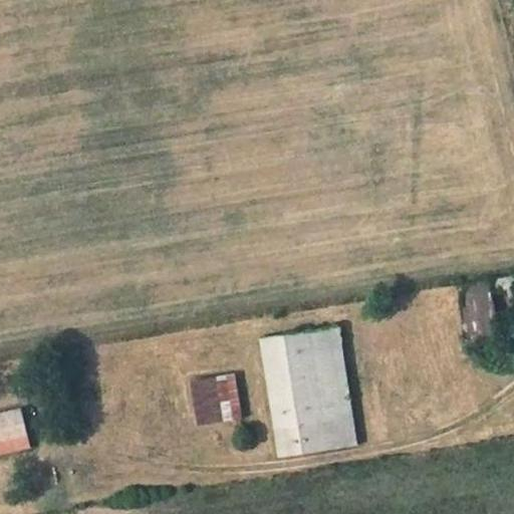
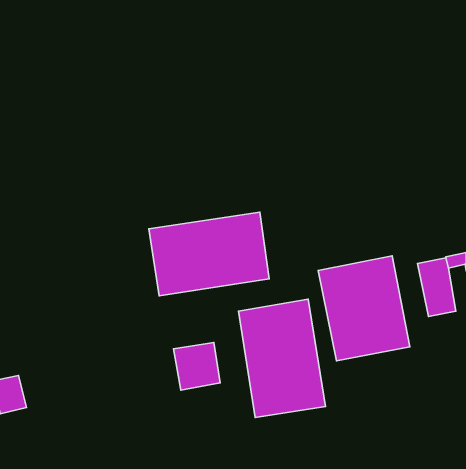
building: none -> [149,212,269,296]
building: none -> [318,256,410,361]

